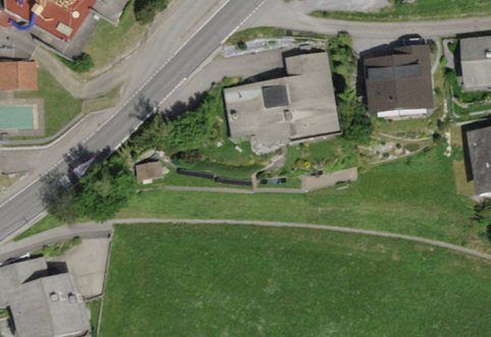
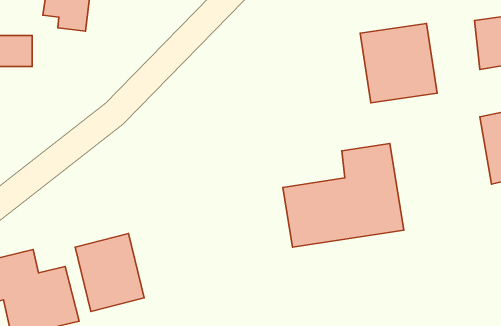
building: [229,51,344,150] -> [283,143,404,247]
building: none -> [75,234,144,311]

